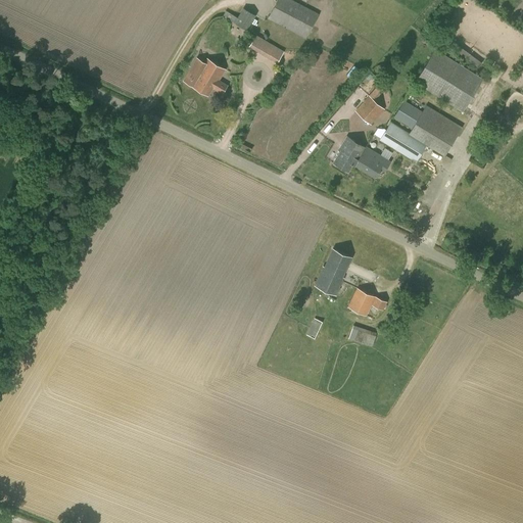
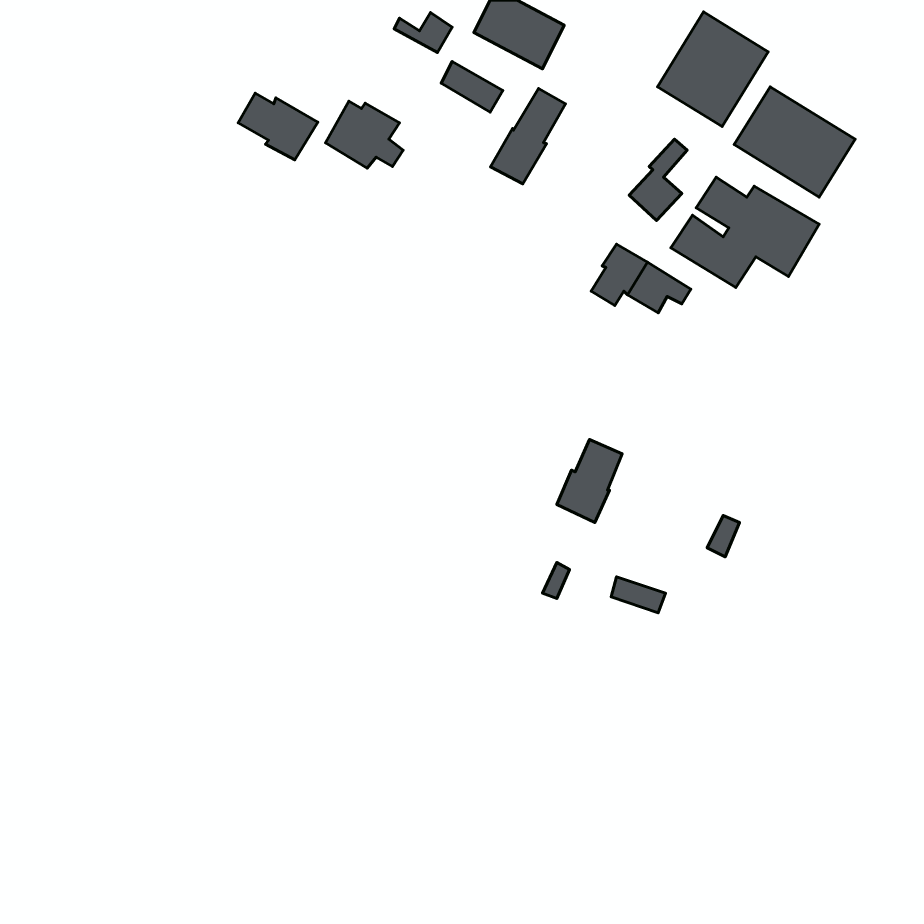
building: none -> [658,12,768,127]
building: none -> [491,89,565,184]
building: none -> [238,93,318,160]
building: [347,287,387,316] -> none

